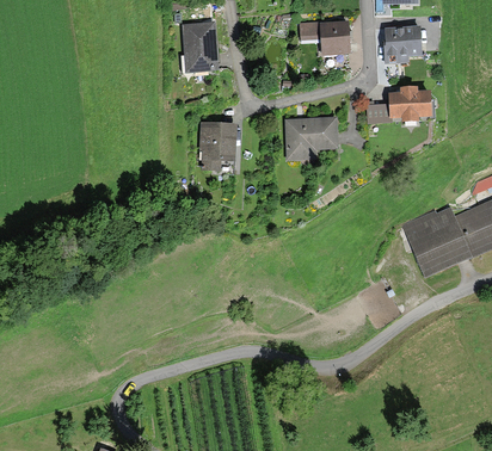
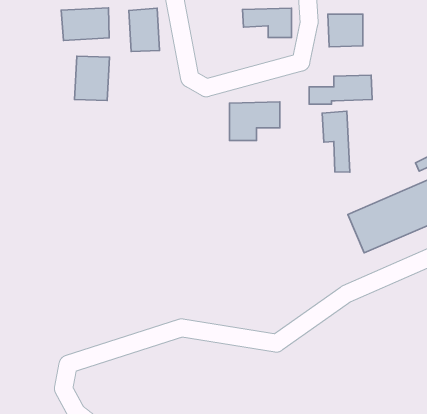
building: none -> [61,8,109,40]
building: [199,124,235,169] -> [74,56,110,101]
building: none -> [322,111,350,172]

